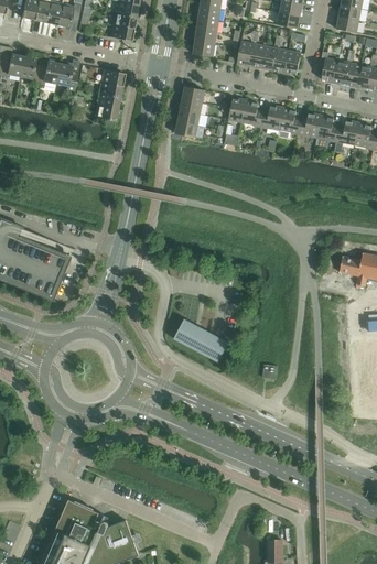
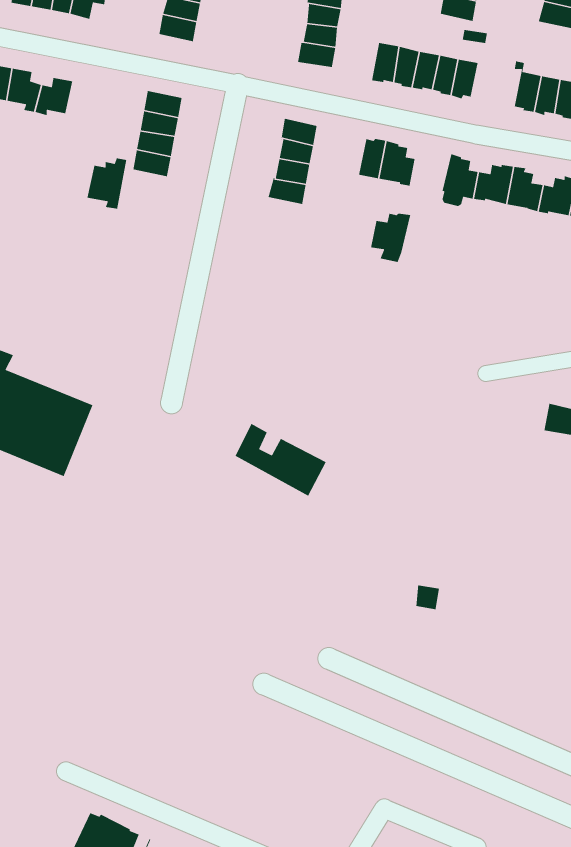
building: [55,59,79,90] -> [86,158,127,209]
building: [260,106,284,135] -> [370,213,411,263]
building: [174,318,229,362] -> [234,423,327,497]

